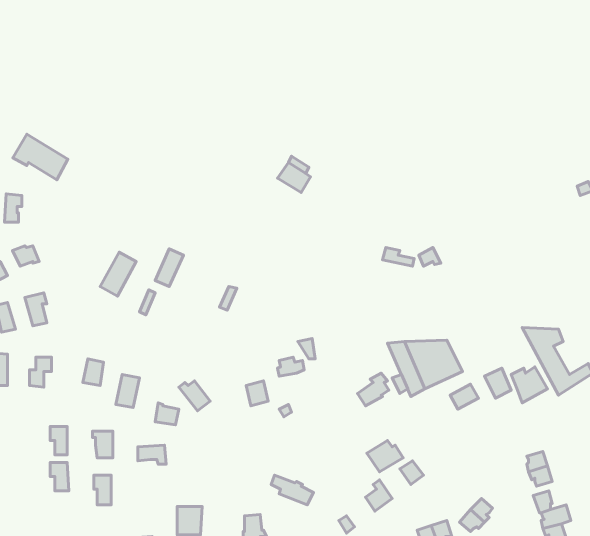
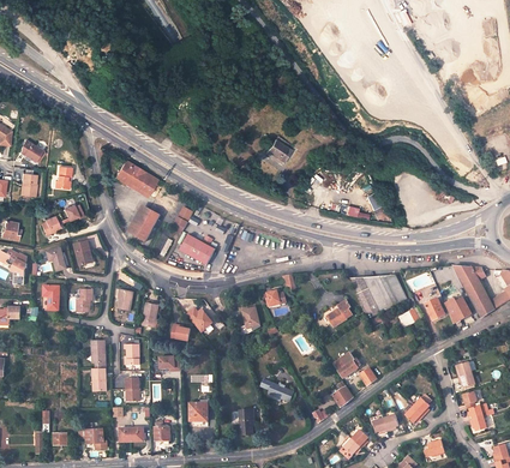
building: [13,134,68,180] -> [114,163,156,198]
building: none -> [179,235,215,265]

